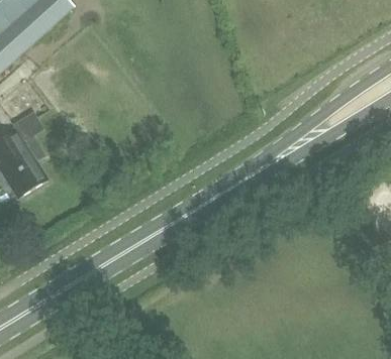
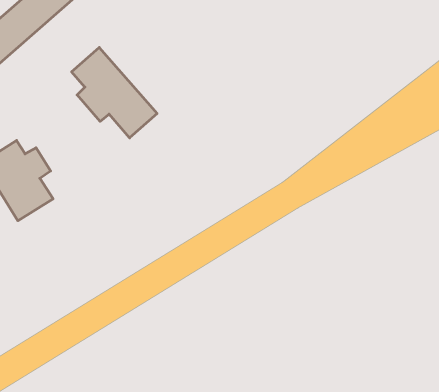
building: none -> [72,47,157,138]

